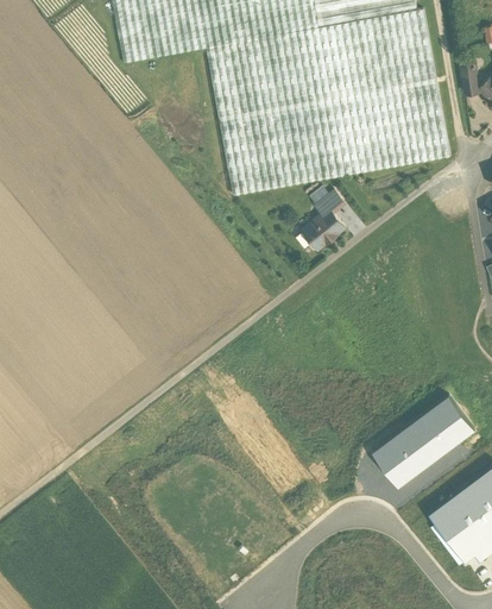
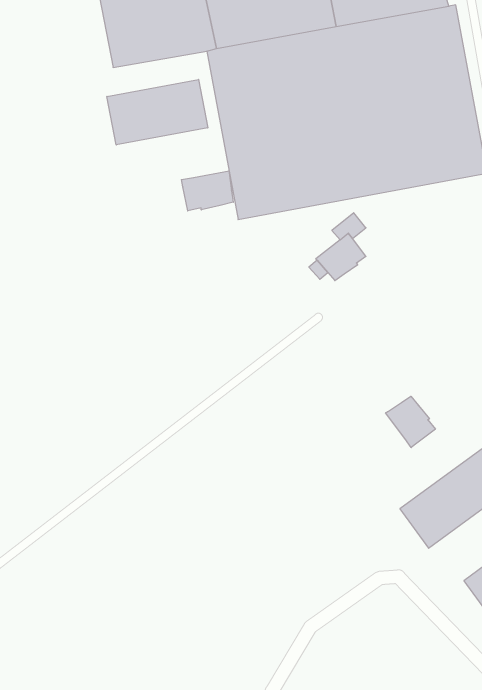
building: none -> [107,79,208,145]
building: none -> [181,171,233,211]
building: none -> [386,396,435,448]

